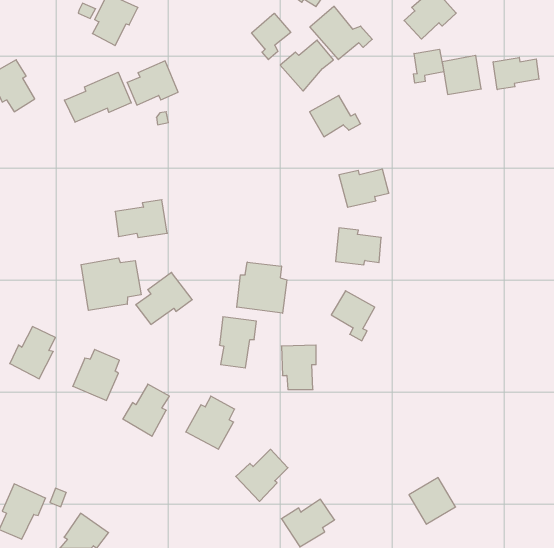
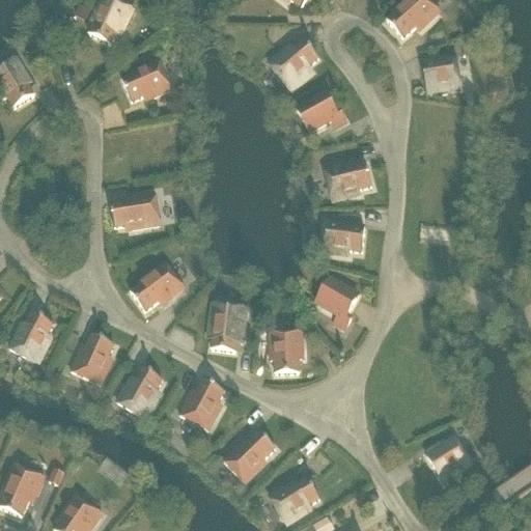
building: [310,6,372,60] -> none
building: [252,13,291,60] -> none
building: [413,49,444,83] -> none
building: [493,57,539,90] -> none
building: [64,72,131,122] -> none
building: [81,258,141,310] -> none
building: [237,262,287,313] -> none
building: [409,478,456,524] -> [425,436,470,480]

